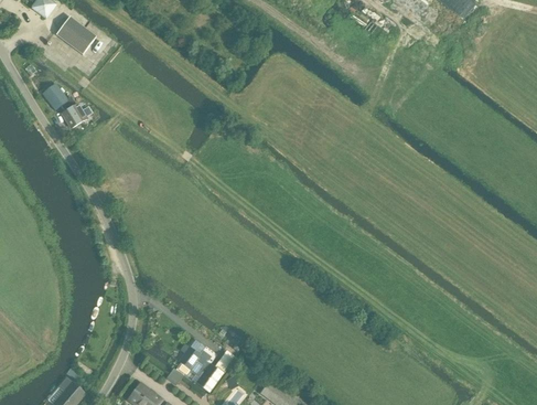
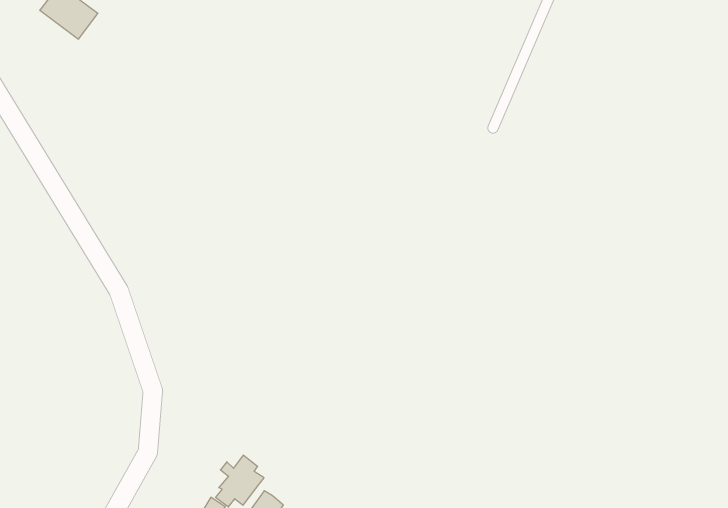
building: [42,84,84,127] -> none

